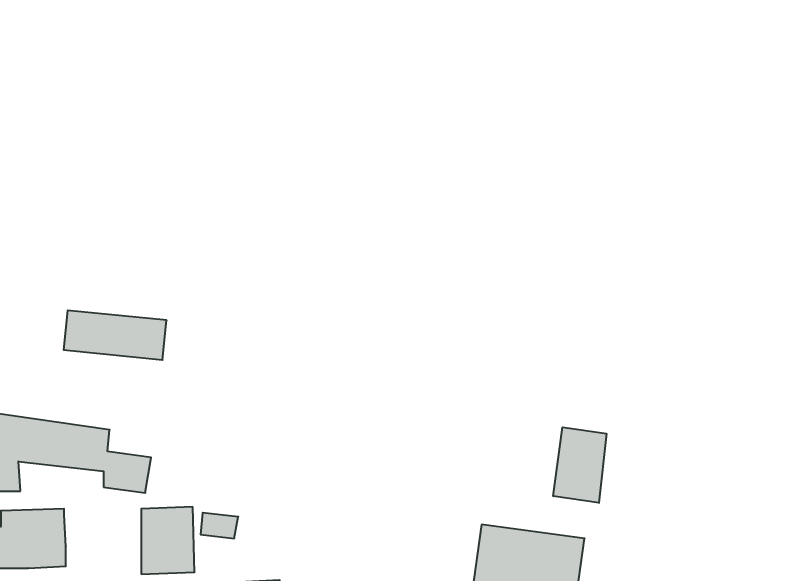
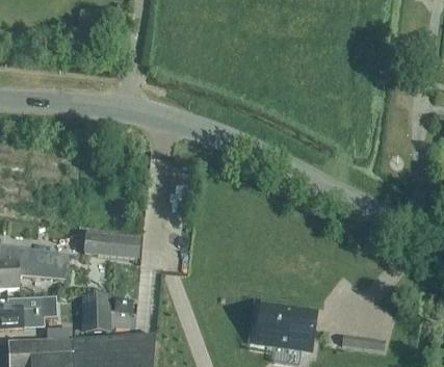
building: [64,310,167,360] -> [84,232,138,258]
building: [553,427,606,503] -> none

